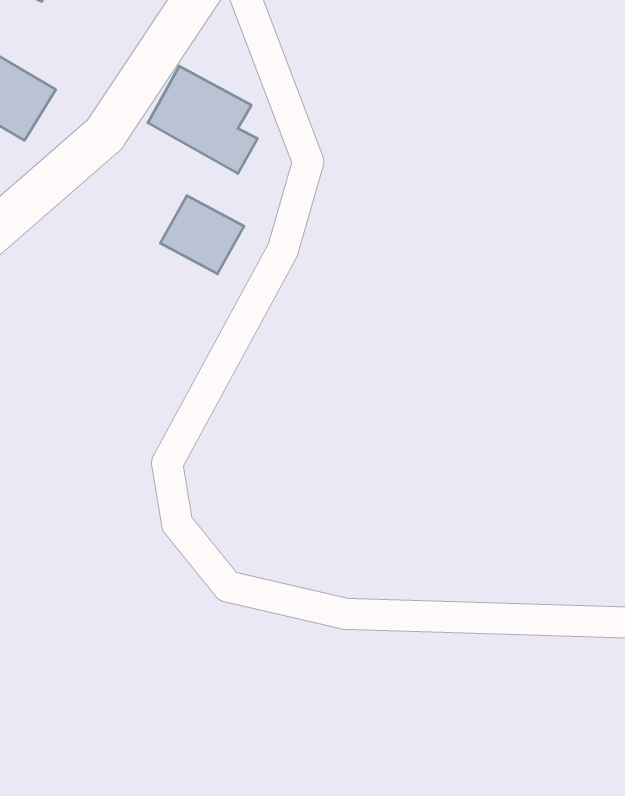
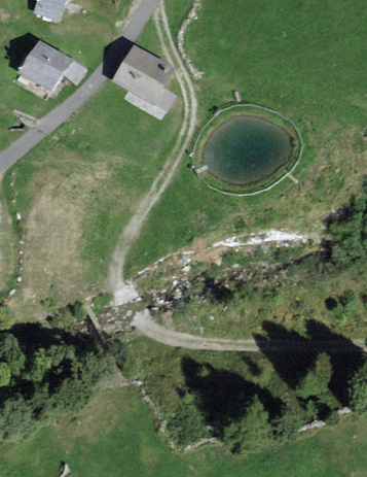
building: [160,196,244,274] -> none

